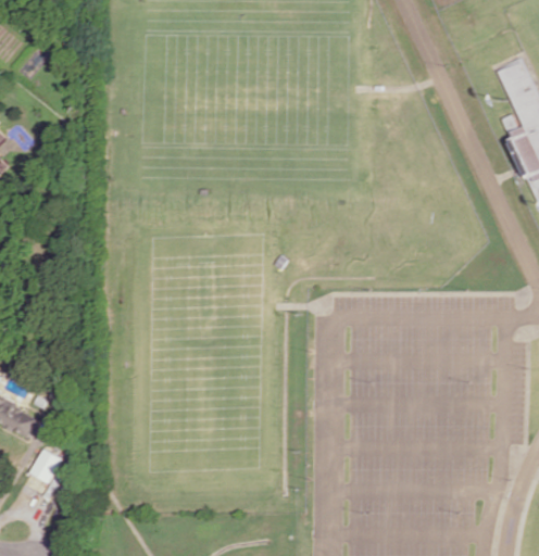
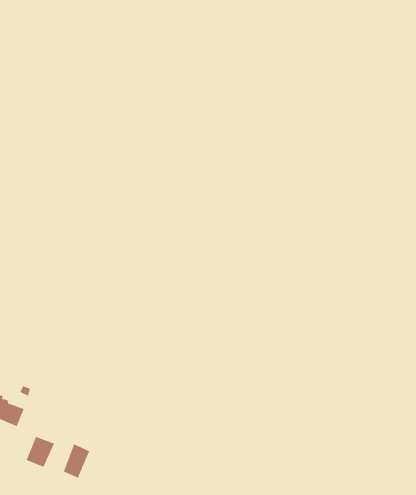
building: none -> [63,444,90,478]

